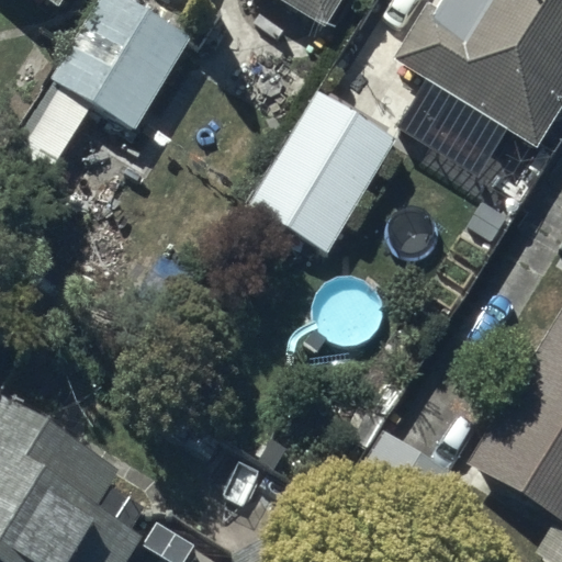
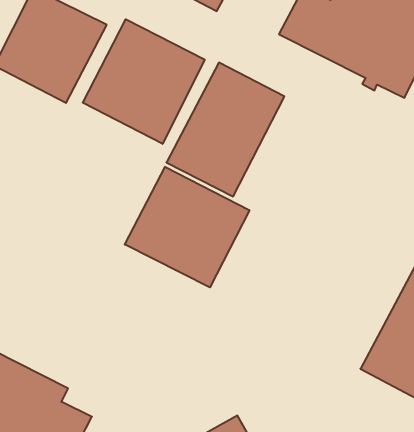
building: none -> [83,19,205,144]
building: none -> [125,167,249,287]

